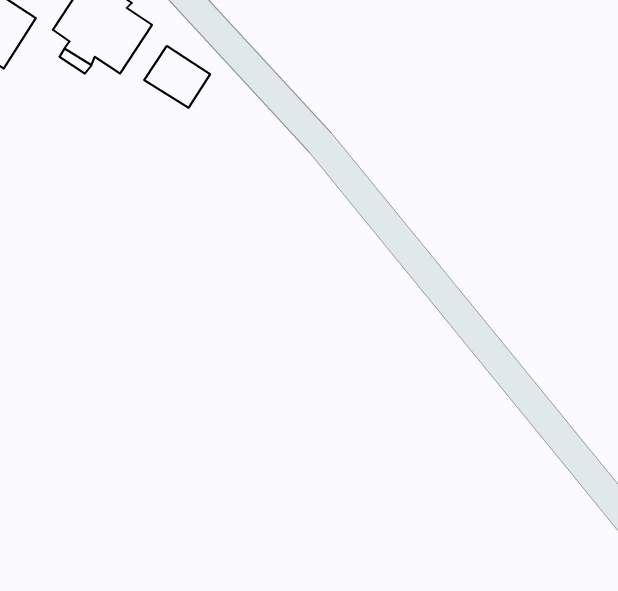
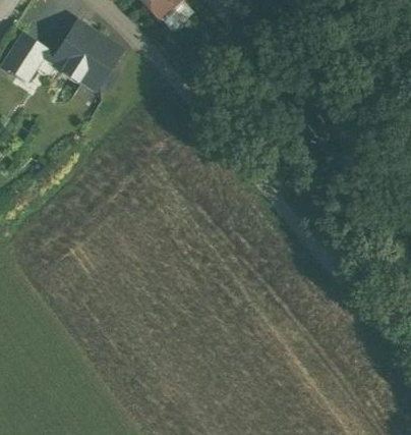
building: [144,46,210,108] -> none

